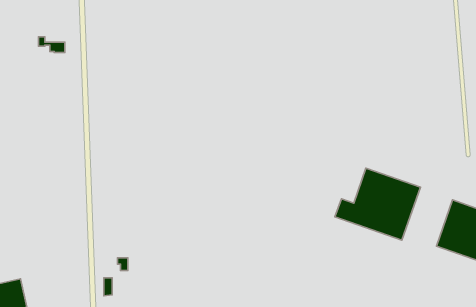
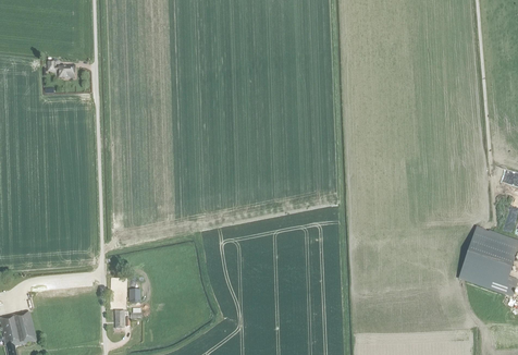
building: [335,168,421,240] -> none

